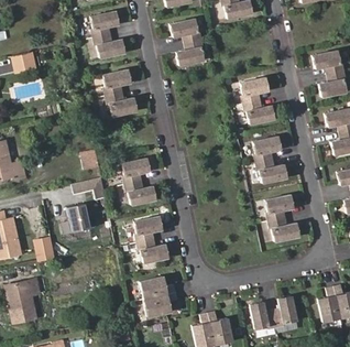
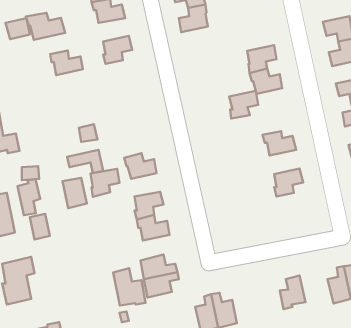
building: none -> [26,13,65,40]
building: [107,91,138,115] -> [50,51,83,75]
building: [253,135,281,162] -> [229,91,258,119]
building: [122,158,150,184] -> [90,169,119,197]
building: none -> [18,179,40,215]
building: [269,217,299,240] -> none
building: none -> [113,268,146,305]
building: [249,302,275,329] -> none

